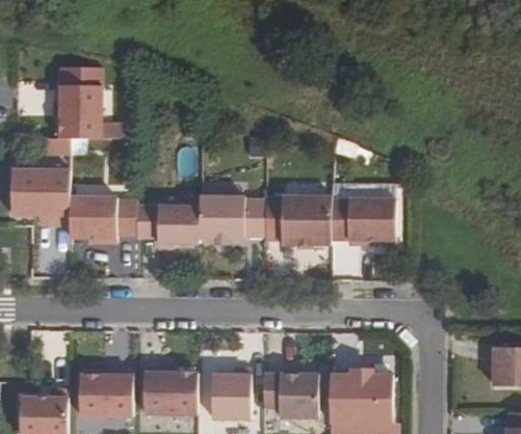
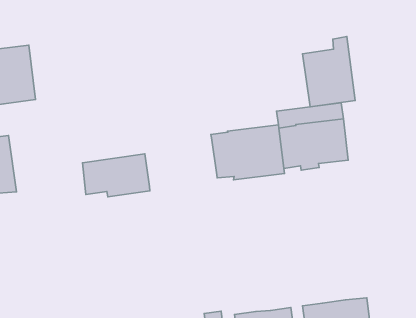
building: none -> [303,36,355,107]
building: [70,196,137,241] -> none
building: [199,196,265,238] -> none

